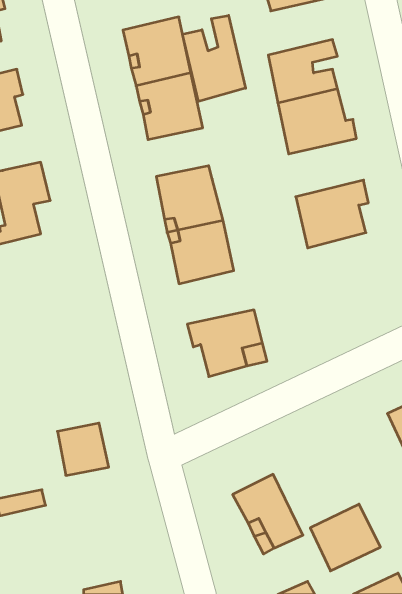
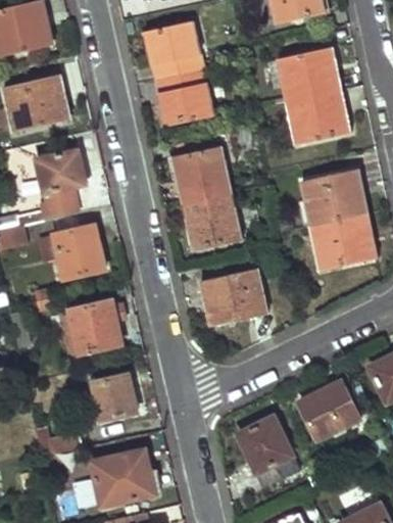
building: [183,15,246,101] -> none
building: none -> [305,209,374,265]
building: none -> [52,226,104,276]
building: none -> [67,297,120,352]
building: [310,504,380,571] -> [302,381,362,438]
building: none -> [91,450,153,505]

